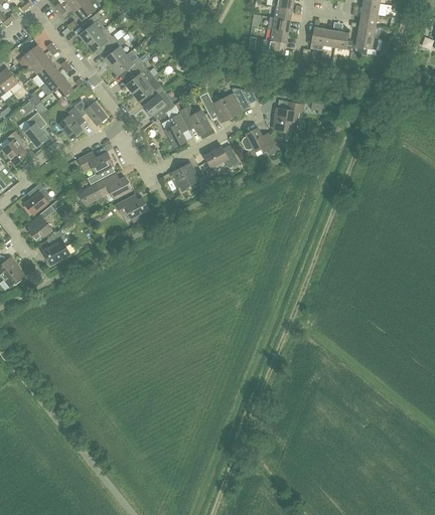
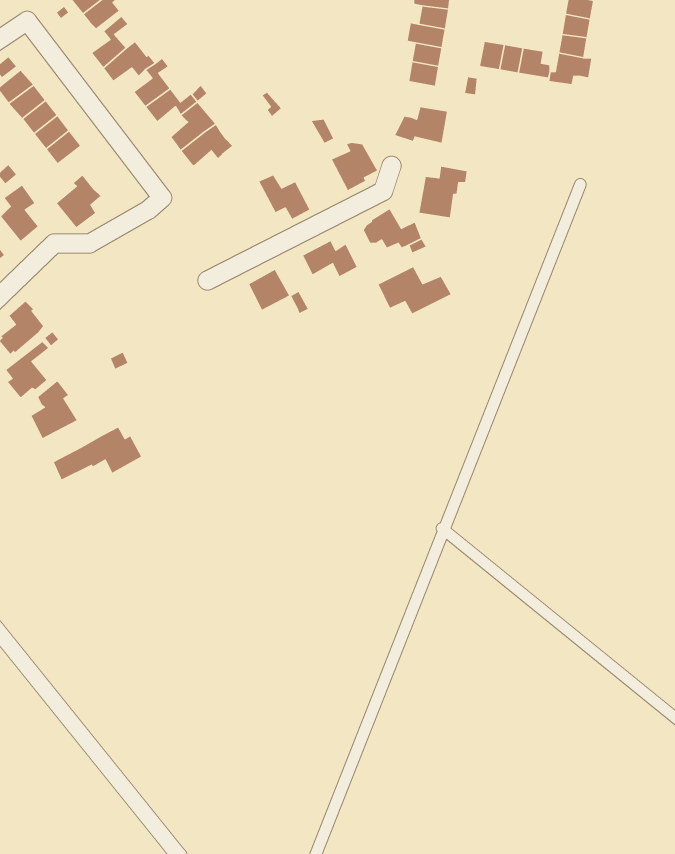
building: none -> [394,106,448,143]
building: [143,90,174,115] -> none
building: [200,93,232,122] -> none
building: [72,99,107,124] -> none
building: [164,113,186,147] -> none
building: [77,151,113,173] -> none
building: none -> [378,266,452,315]
building: [78,170,131,202] -> [53,427,142,481]
building: [115,196,148,221] -> none

